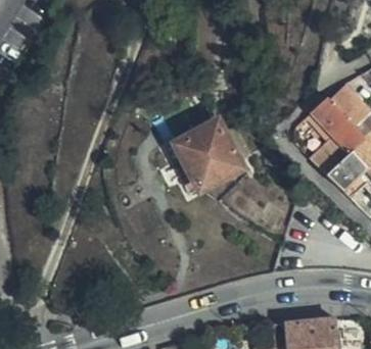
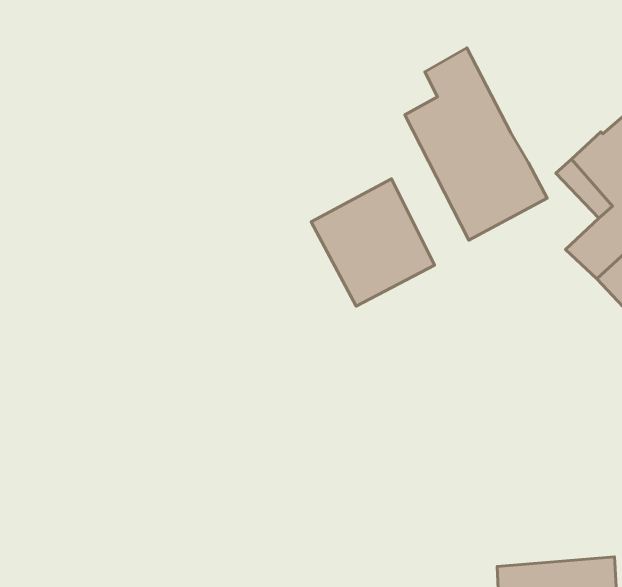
building: none -> [405,48,547,240]

